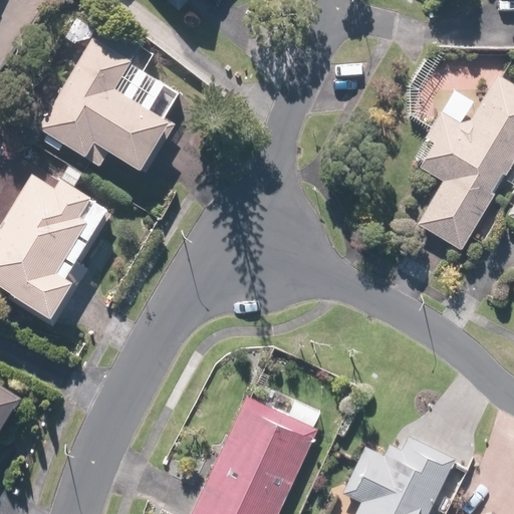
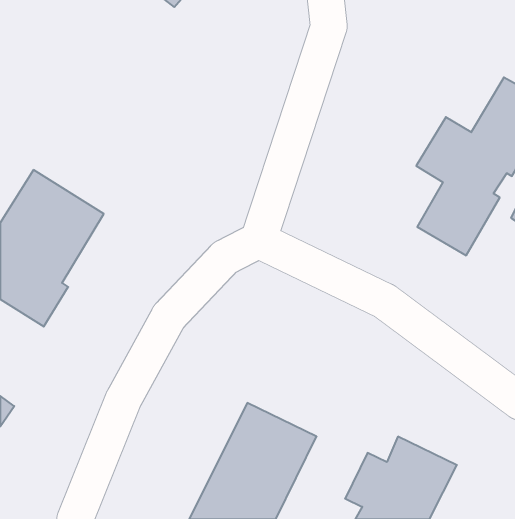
building: [21,31,181,173] -> none

